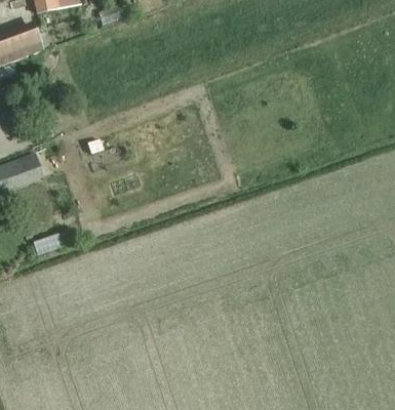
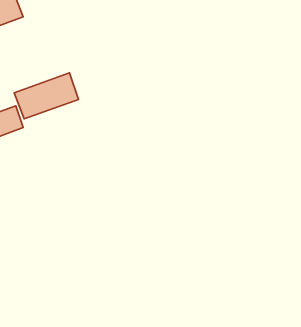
building: none -> [14,73,78,119]

